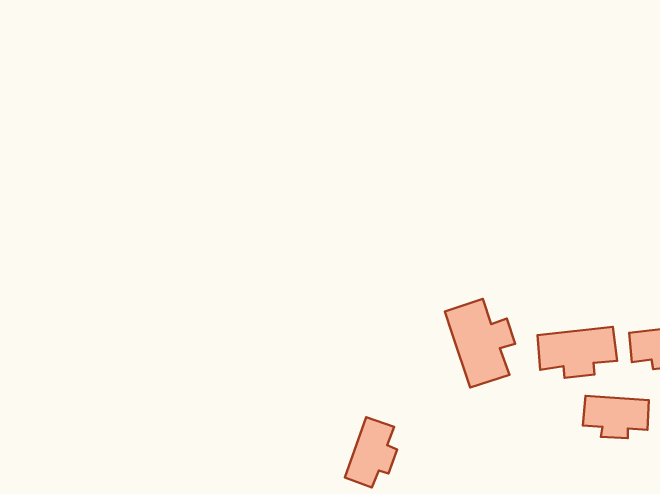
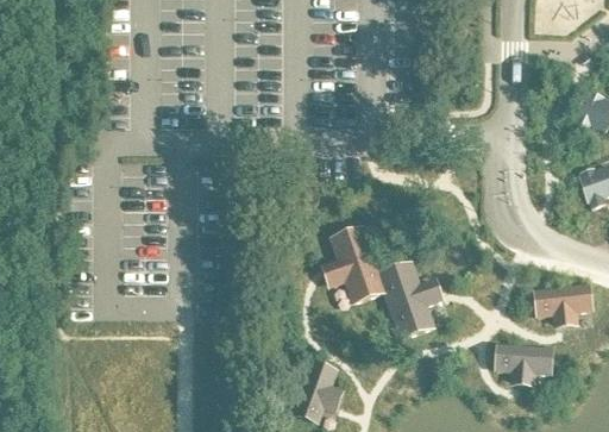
building: none -> [326,227,385,302]
building: [537,327,617,378] -> none

